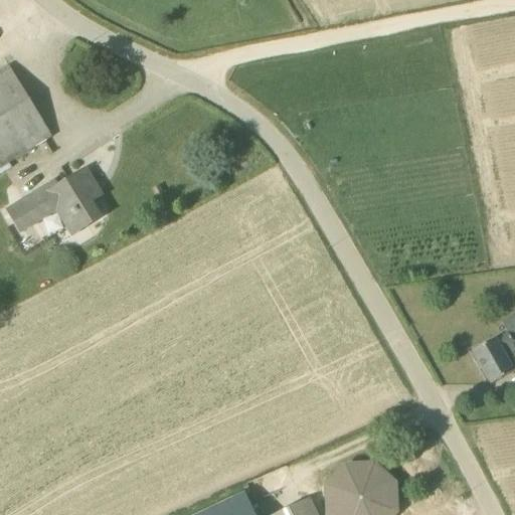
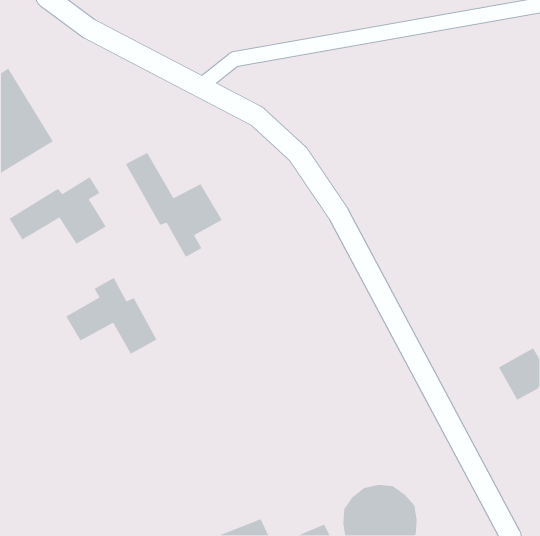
building: none -> [125,152,223,258]
building: none -> [65,277,157,355]

